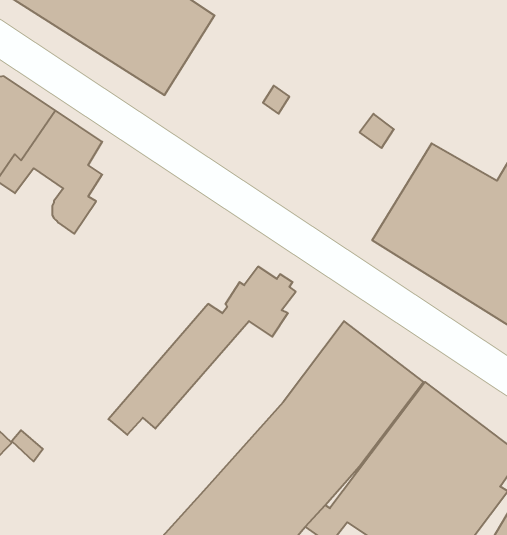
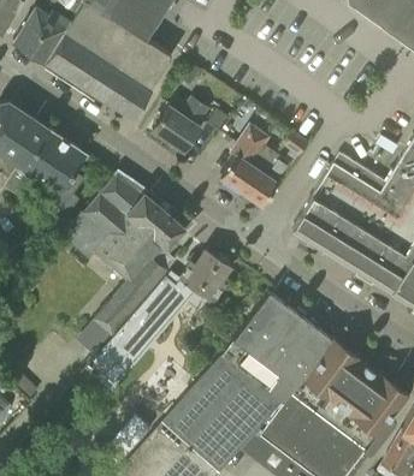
building: none -> [152,96,209,151]
building: none -> [220,126,291,204]
building: none -> [61,173,184,335]

